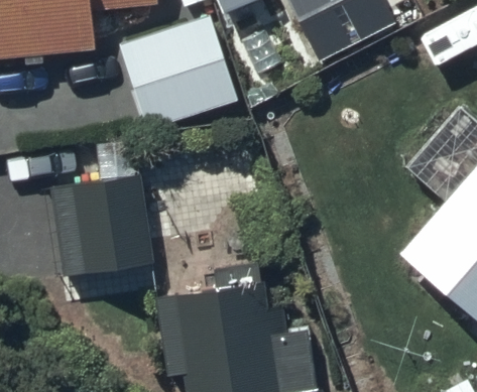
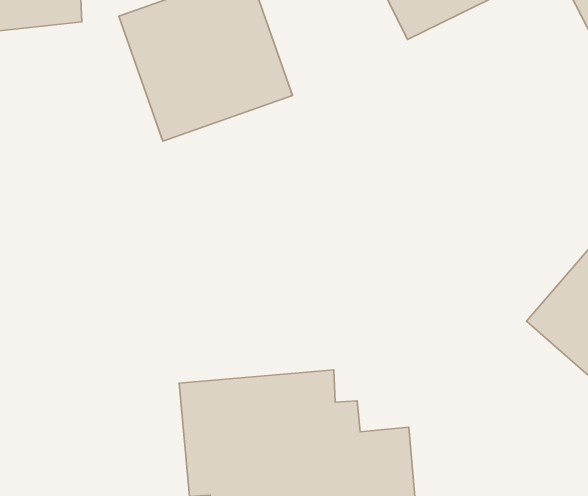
building: [52,177,149,274] -> none

